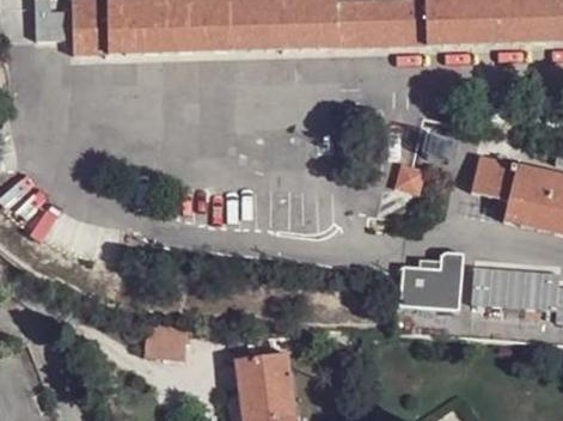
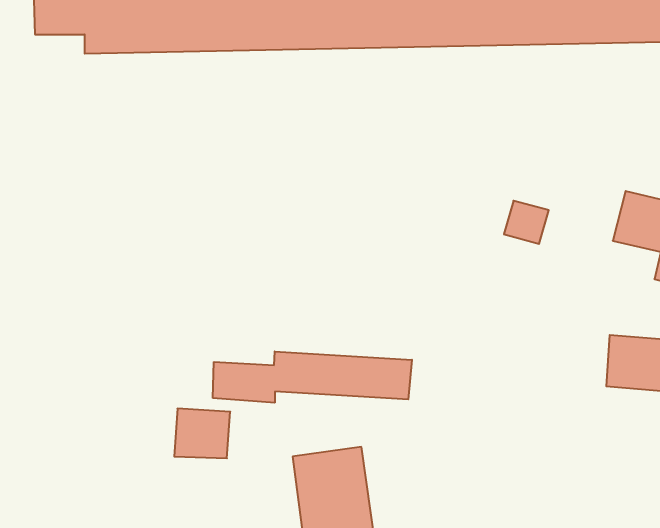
building: [397,250,463,311] -> none
building: none -> [213,351,412,403]

